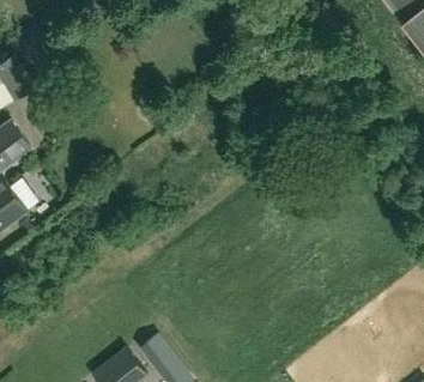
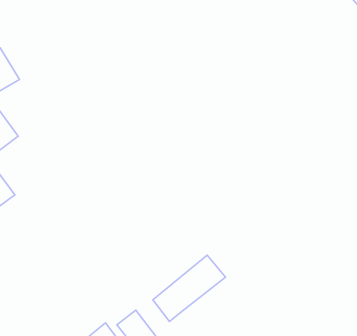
building: none -> [153,255,225,322]

